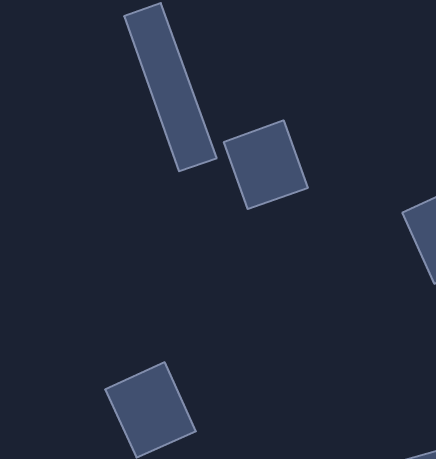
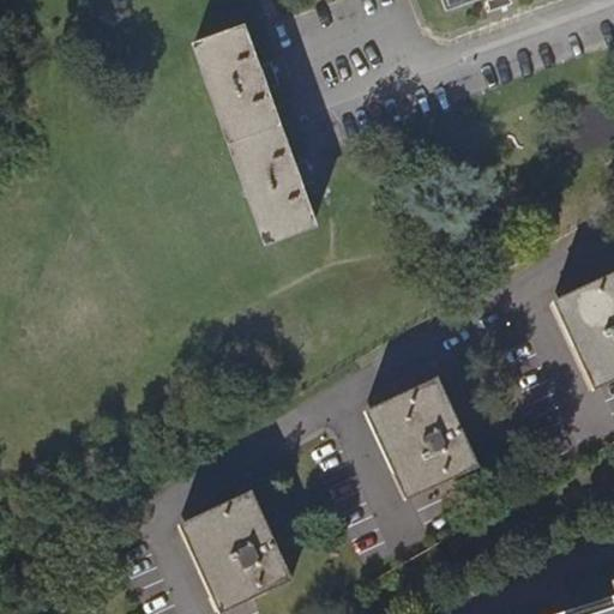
building: [224,120,308,209] -> none
building: none -> [366,375,478,496]

